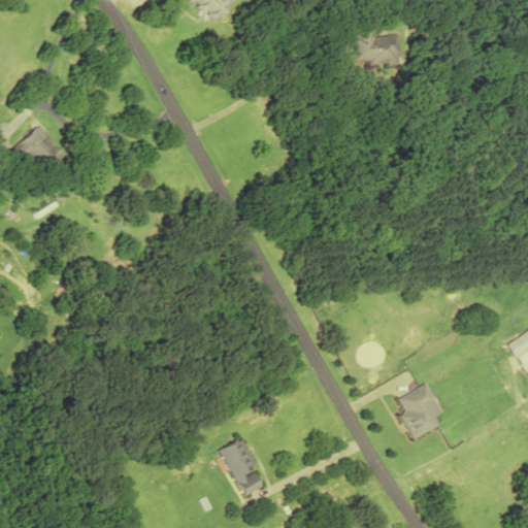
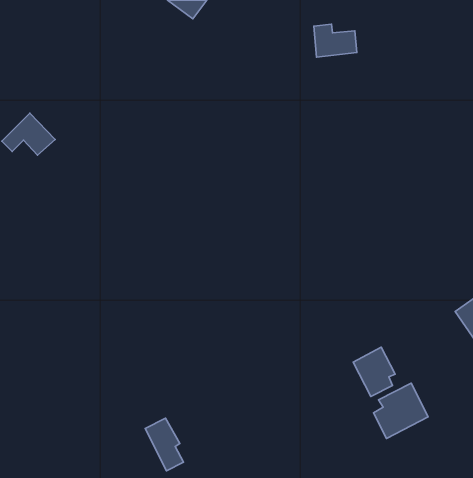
building: none -> [373,383,428,438]
building: [222,437,264,495] -> [145,418,183,471]

